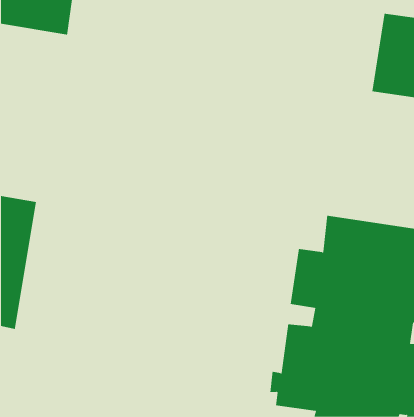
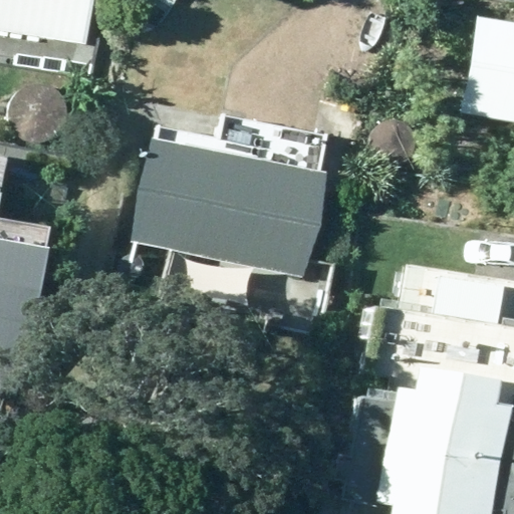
building: none -> [132,141,323,277]

